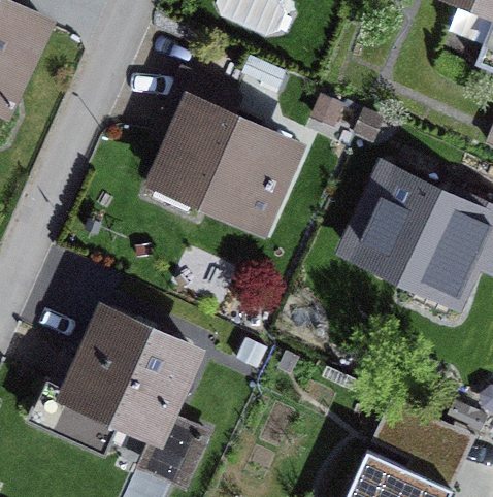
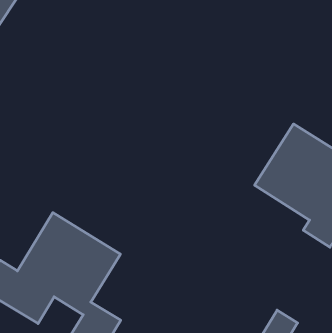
building: [155,73,293,221] -> none

